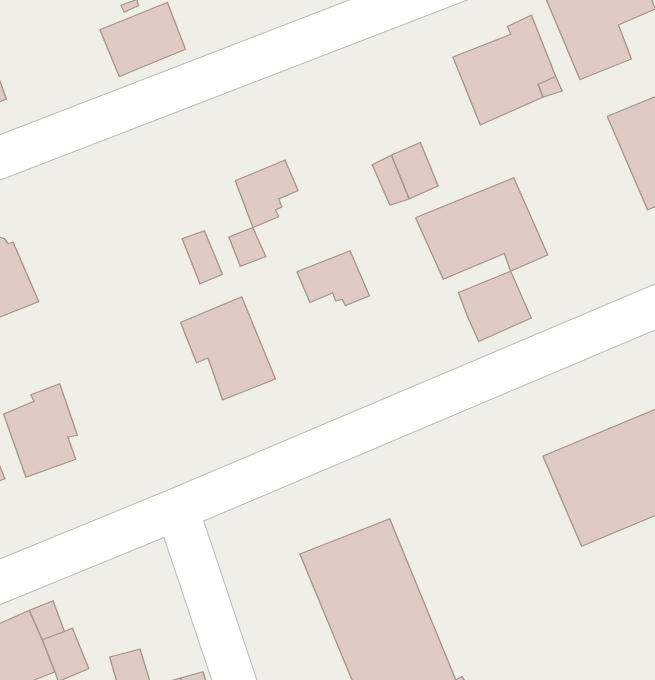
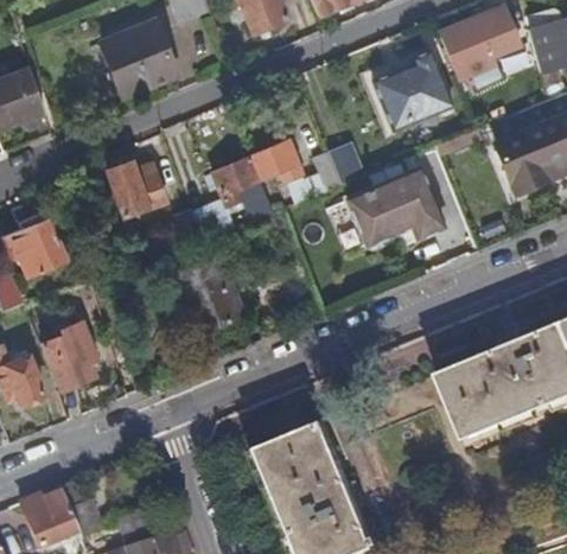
building: none -> [108,161,167,216]
building: [297,251,369,306] -> [248,141,301,182]
building: [458,271,531,342] -> none

